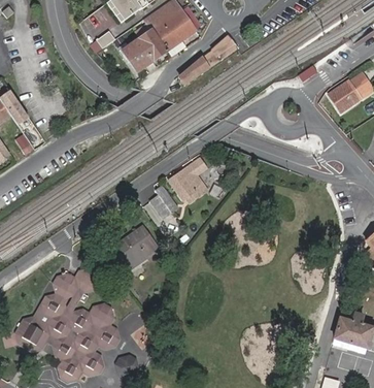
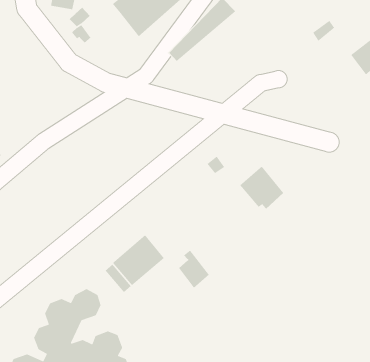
building: [122,38,154,73] -> none
building: [170,165,207,202] -> [239,166,284,210]
building: [151,186,177,219] -> [178,250,210,289]

